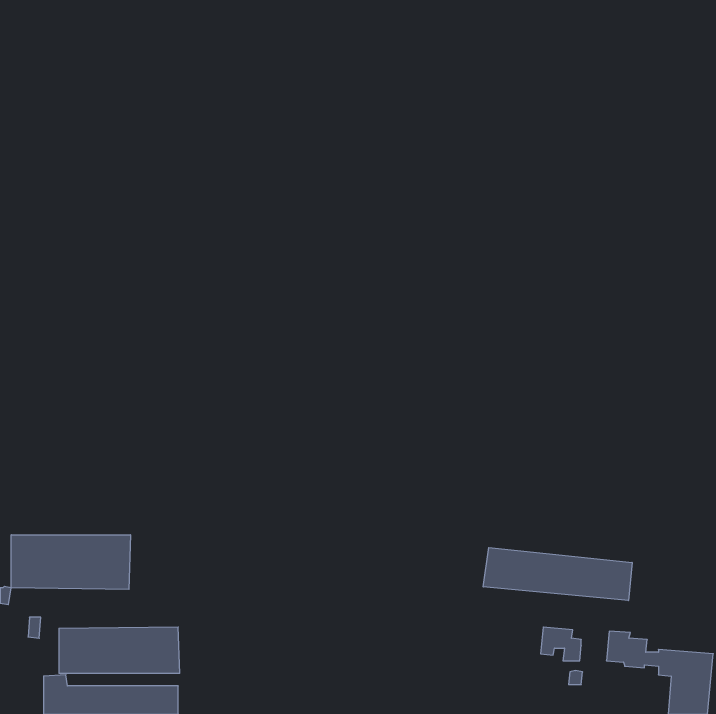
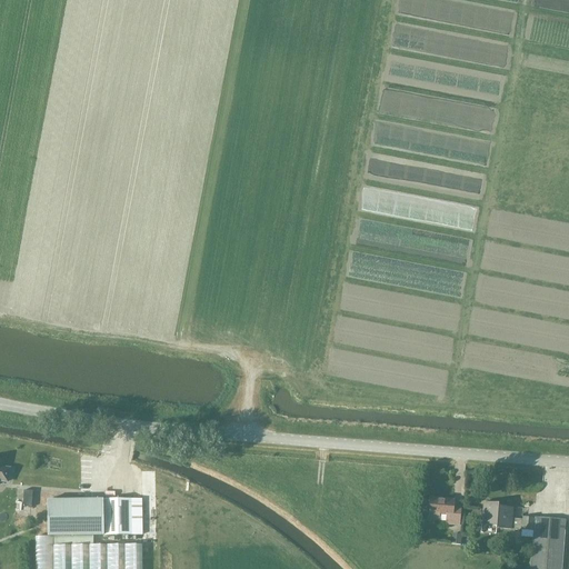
building: [11,535,130,589] -> none
building: [483,548,632,601] -> none

